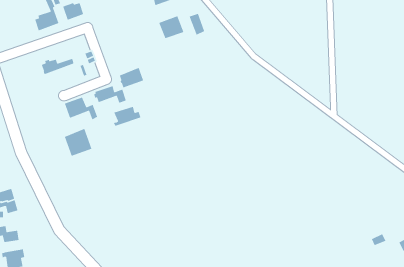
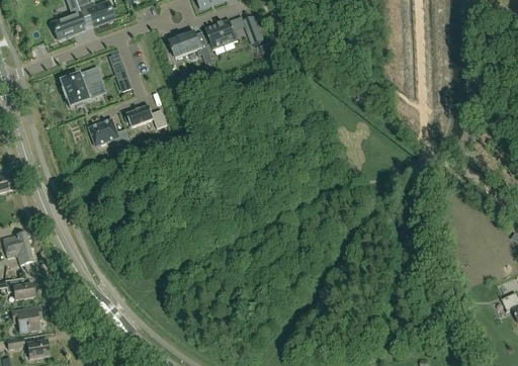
building: none -> [65,79,105,106]
building: [119,67,144,88] -> [170,31,201,58]
building: [113,106,142,127] -> none
building: [64,128,93,157] -> none

